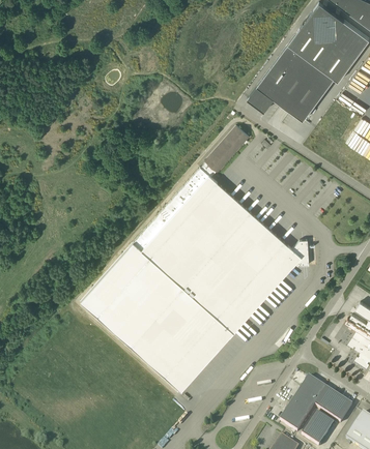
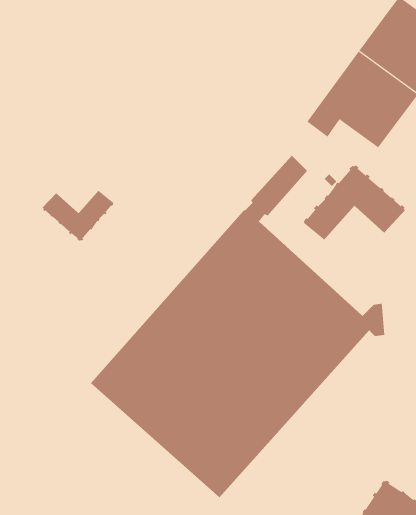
building: none -> [302,164,406,240]
building: none -> [42,190,115,242]

